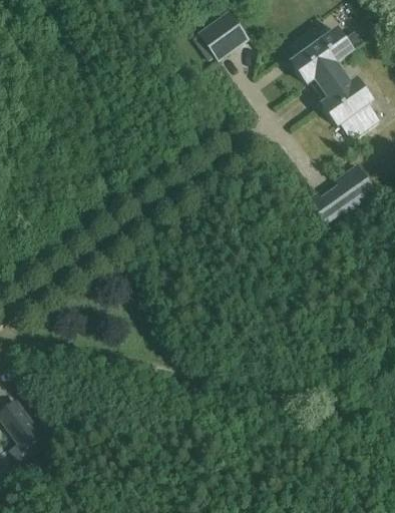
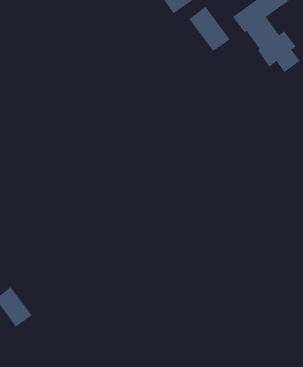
building: none -> [189,6,231,52]
building: [310,166,376,226] -> none

